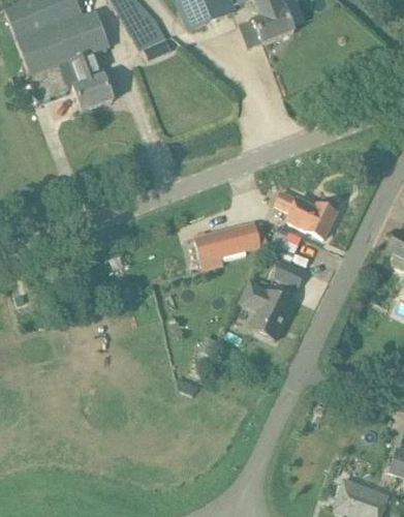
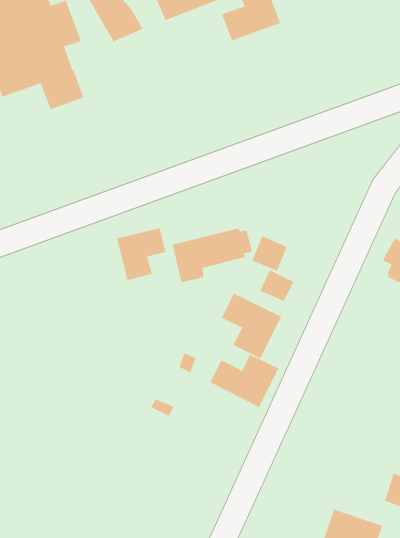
building: [273,188,338,238] -> none
building: none -> [116,228,166,281]
building: none -> [210,354,279,408]

